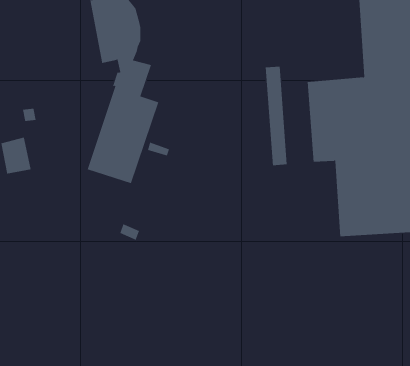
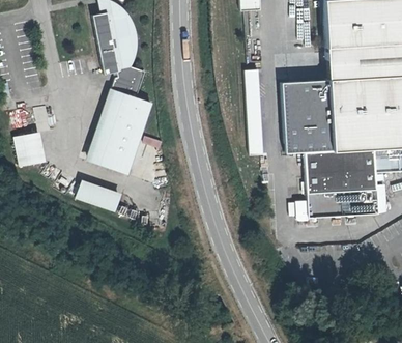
building: none -> [79,181,121,208]

